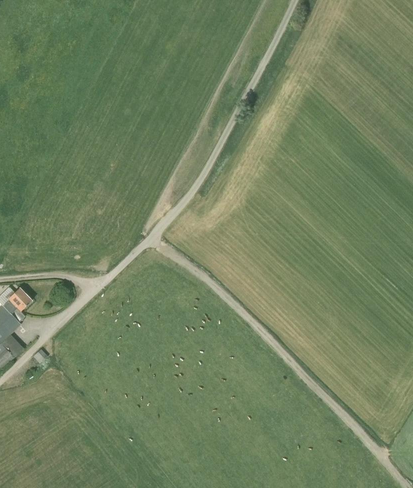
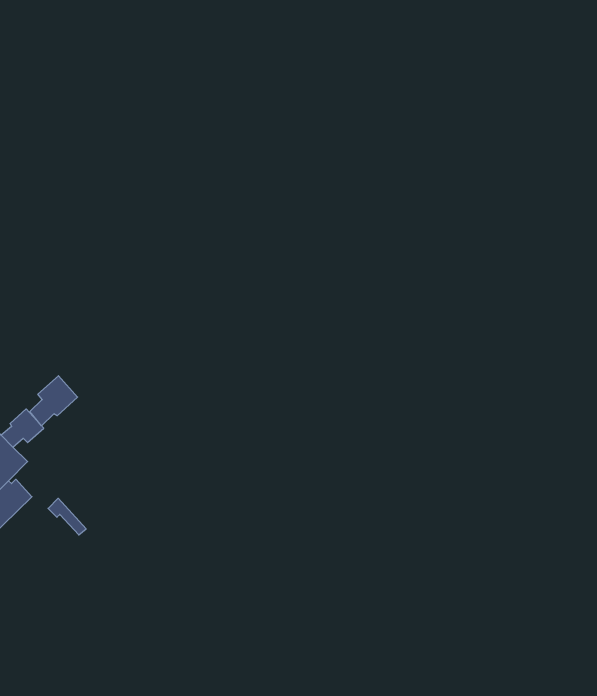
building: none -> [30,376,78,426]

